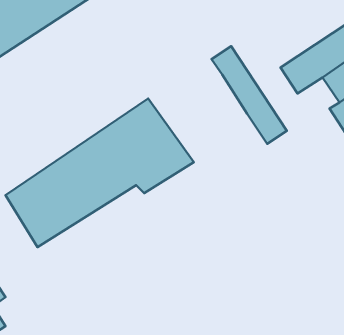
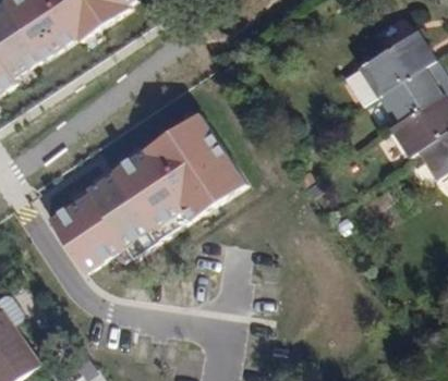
building: [212,46,287,144] -> none

